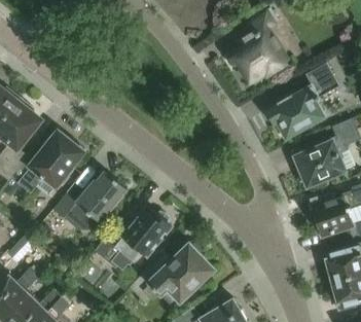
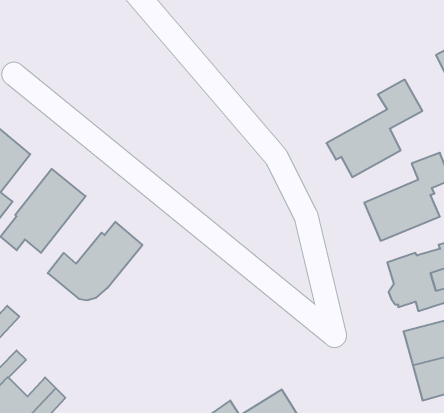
building: [230,8,289,88] -> none
building: [94,209,171,270] -> none
building: [130,245,212,305] -> none

